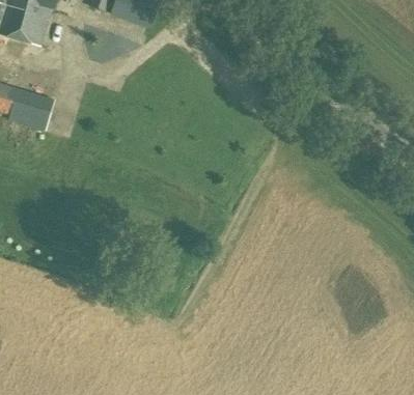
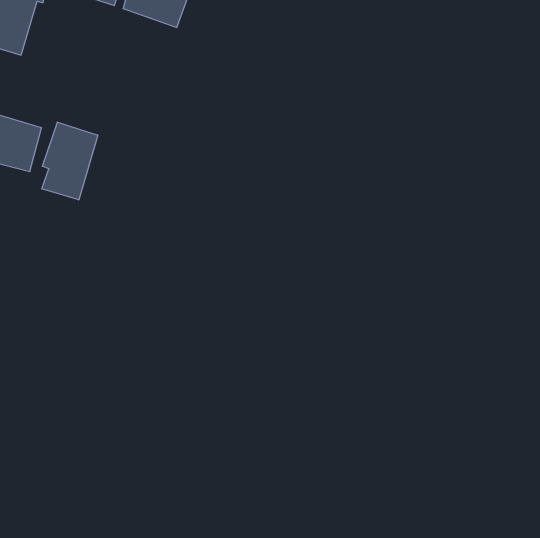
building: none -> [42,122,98,200]

